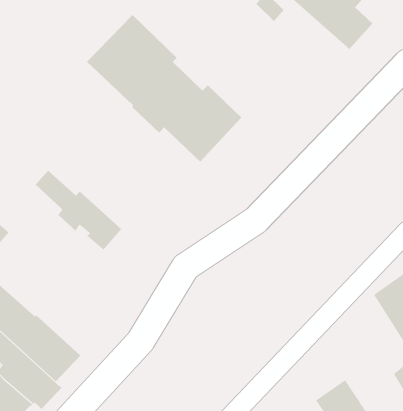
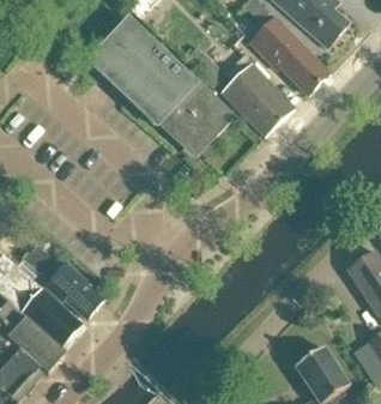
building: none -> [252,18,331,94]
building: none -> [223,54,296,135]
building: [35,170,122,250] -> [26,245,105,318]

